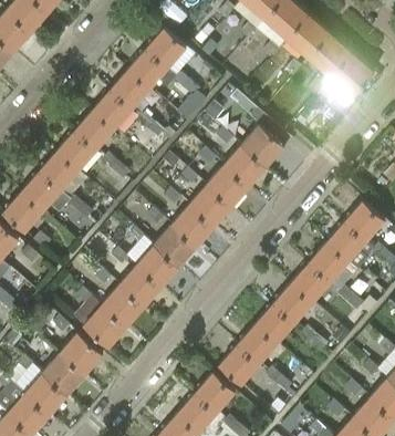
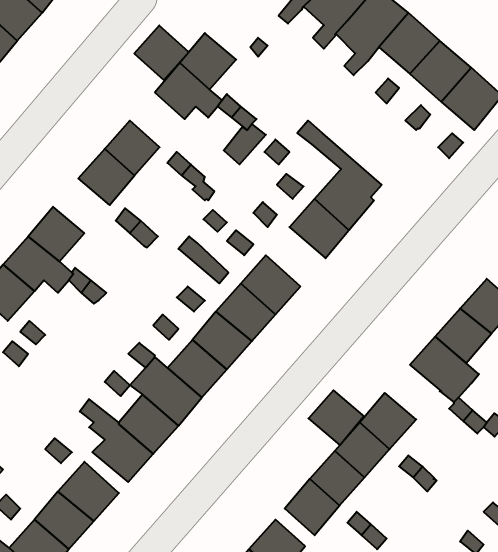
building: [111,71,149,110] -> [134,25,189,80]
building: [56,132,96,170] -> none
building: [207,166,249,208] -> none
building: [291,263,331,302] -> [308,390,365,445]

